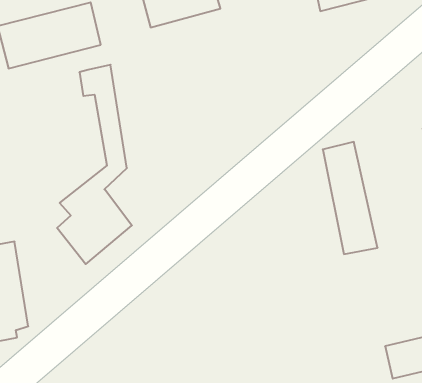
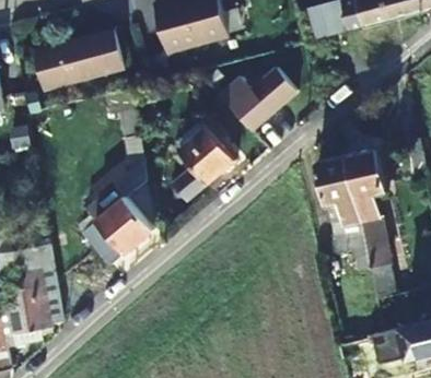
building: none -> [219,63,298,129]
building: none -> [172,118,236,201]
building: none -> [346,147,396,300]

